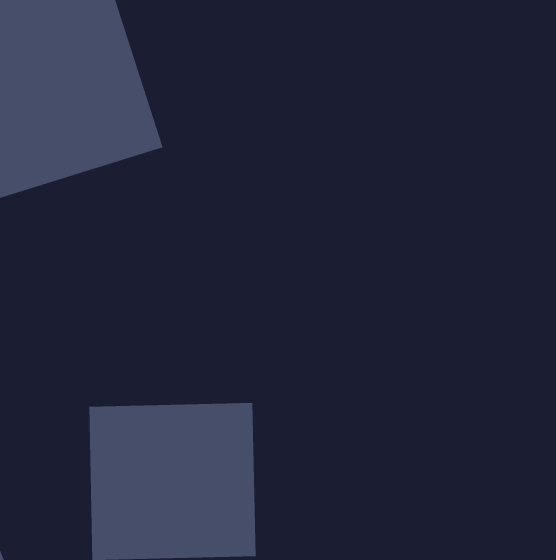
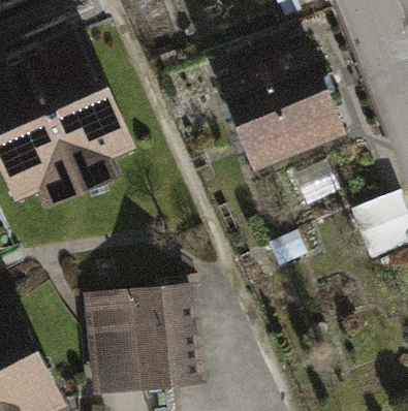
building: none -> [224,55,340,166]

